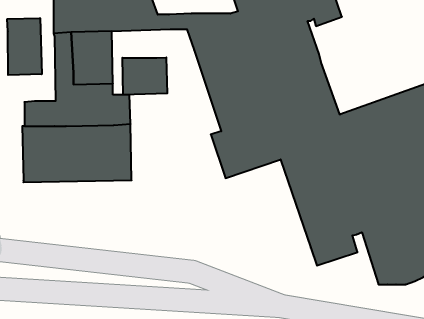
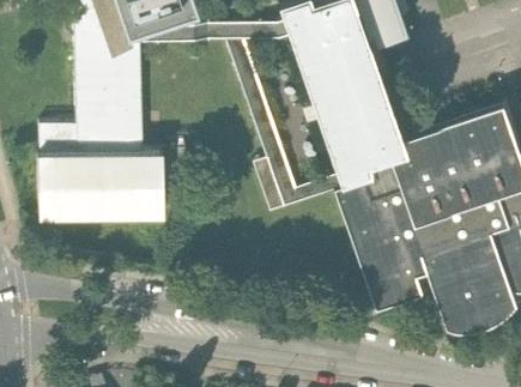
building: [7,18,42,75] -> none
building: [122,57,167,95] -> none

